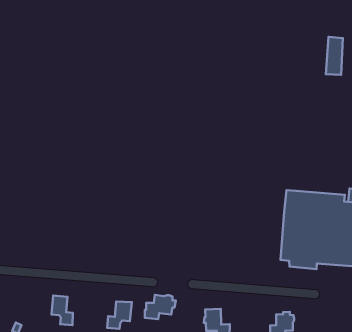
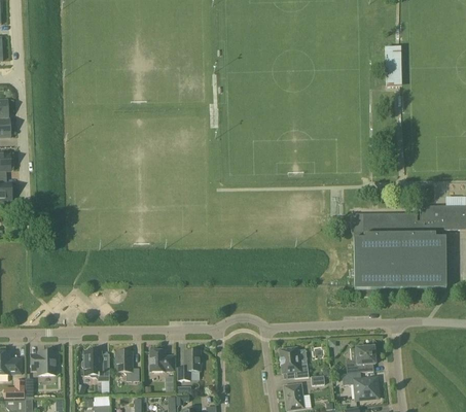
building: none -> [82,350,109,379]
building: [145,295,176,319] -> none
building: none -> [150,349,175,370]

